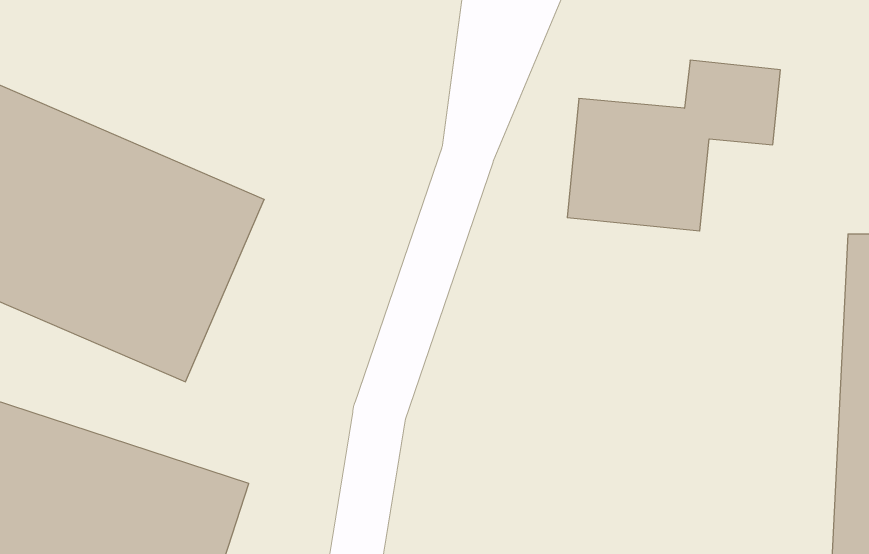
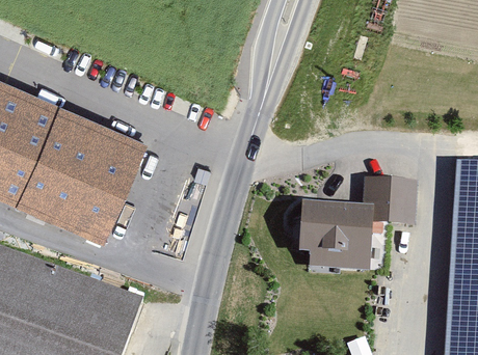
building: [567,60,780,231] -> [296,176,411,269]

